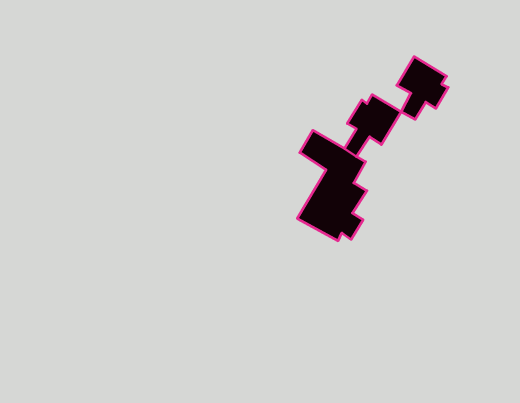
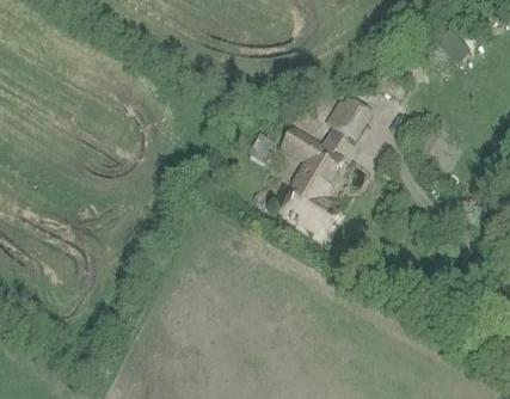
building: [397,57,448,119] -> none

